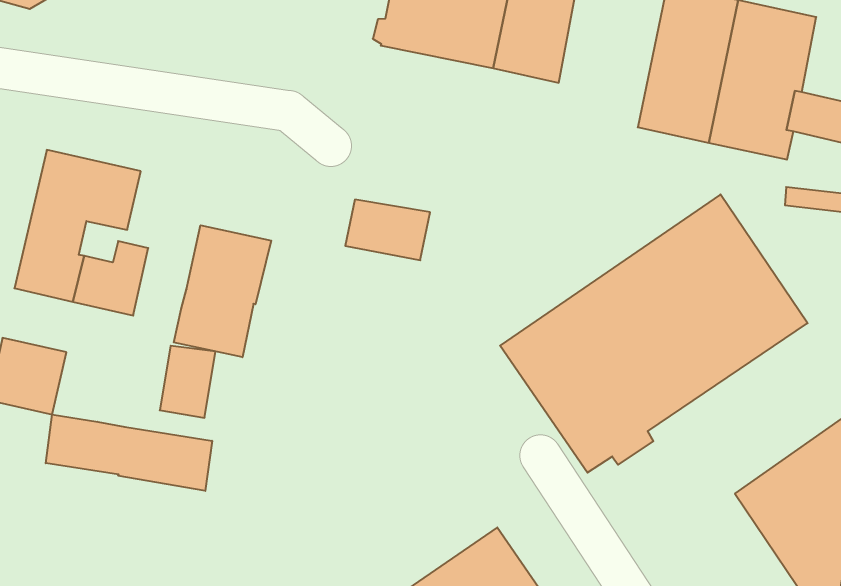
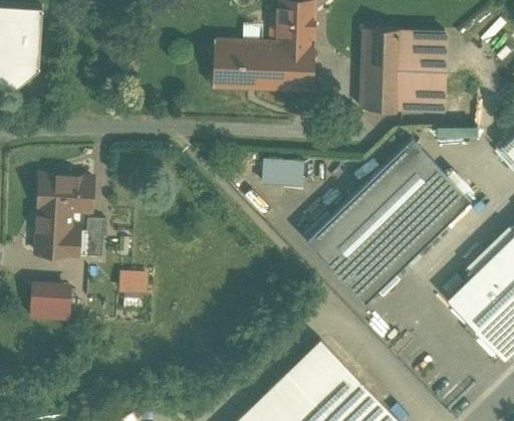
building: [345,200,430,260] -> [267,159,310,186]
building: [174,225,271,357] -> none
building: [46,414,212,491] -> none

